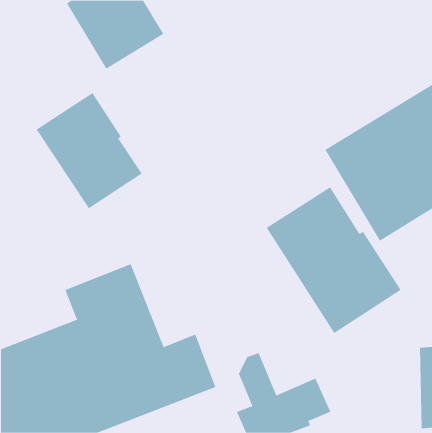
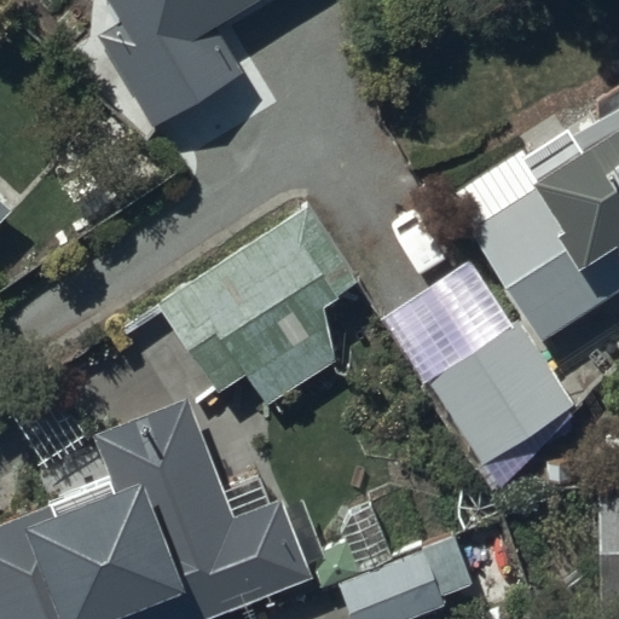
building: [36,92,143,209] -> none
building: none -> [157,214,354,410]

